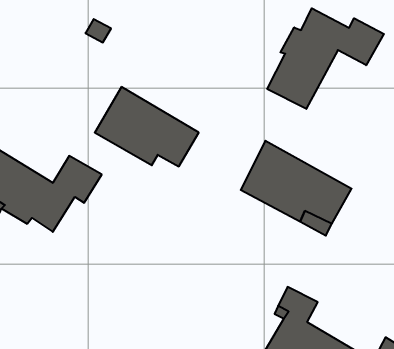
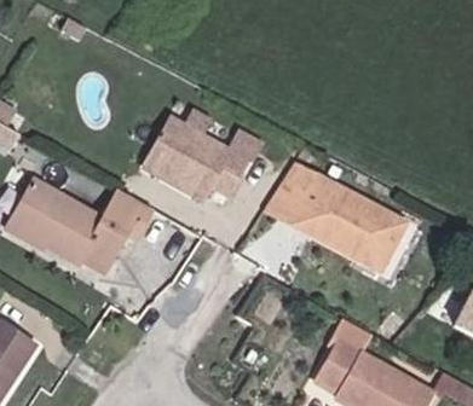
building: [267,8,384,109] -> none
building: none -> [269,160,318,222]

